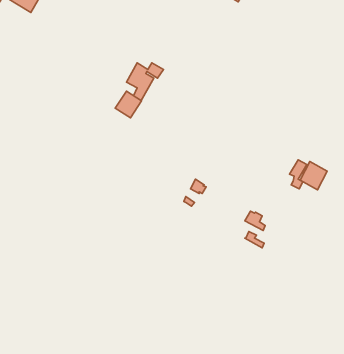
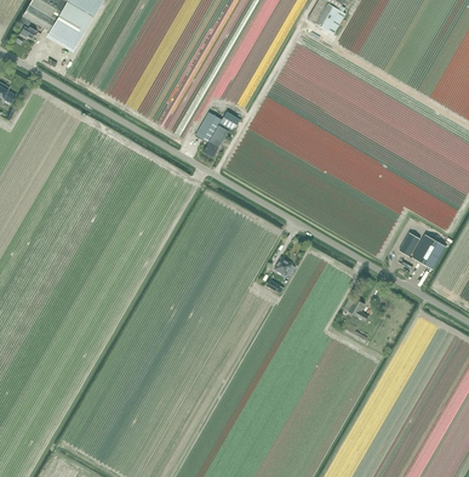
building: [115,91,142,118] -> none

